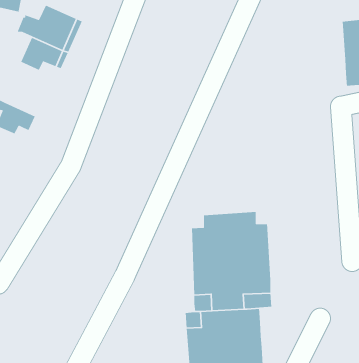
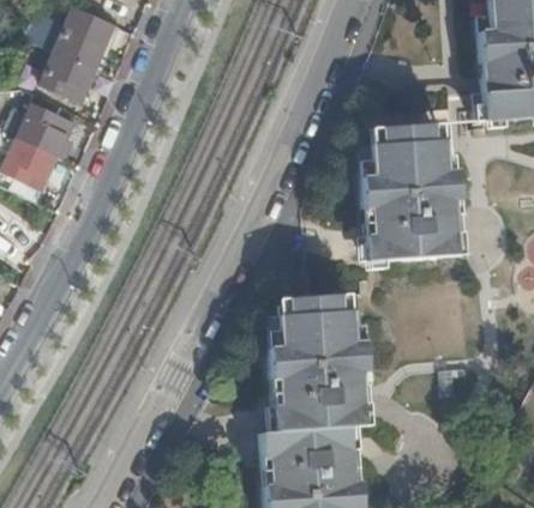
building: none -> [11,95,73,161]
building: none -> [356,121,472,271]

